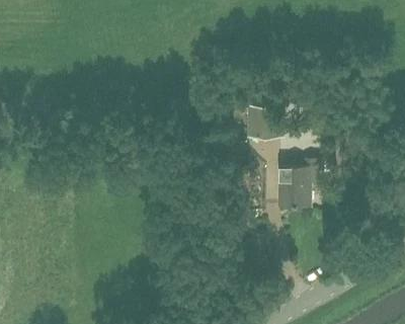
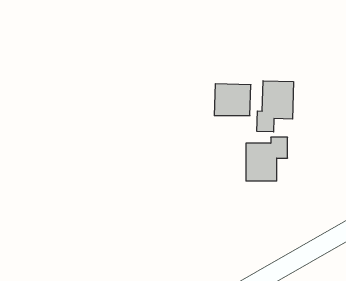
building: none -> [257,81,293,132]

